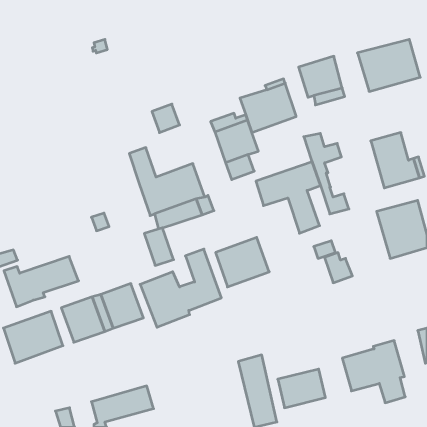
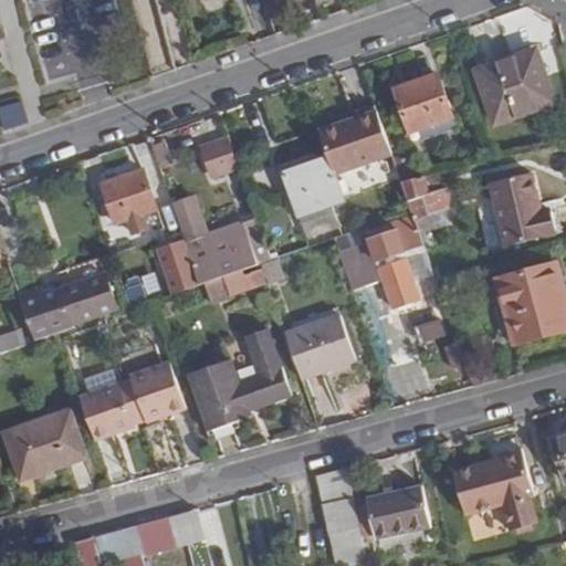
building: none -> [101,168,155,222]
building: [144,228,174,265] -> [159,242,198,292]
building: [4,256,79,307] -> [17,274,115,340]

